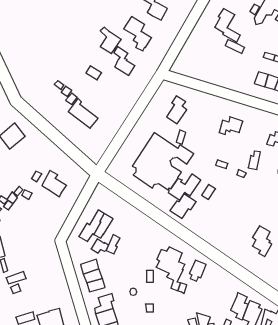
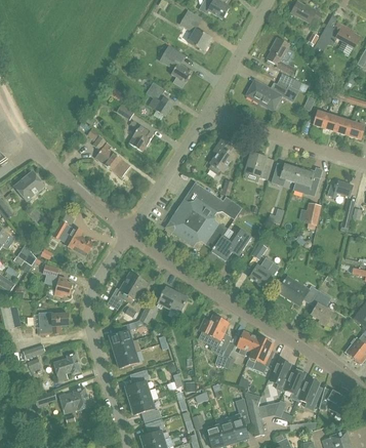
building: [100,27,121,54] -> [129,120,154,151]
building: none -> [246,79,286,110]
building: none -> [245,152,274,179]
building: none -> [292,168,322,196]
building: [170,194,196,218] -> [249,256,280,285]
building: none -> [43,264,73,296]
building: none -> [278,276,319,304]
building: none -> [158,287,188,314]
building: none -> [38,312,69,333]
building: none -> [245,335,274,368]
building: none -> [53,353,81,380]
building: none -> [271,359,292,391]

